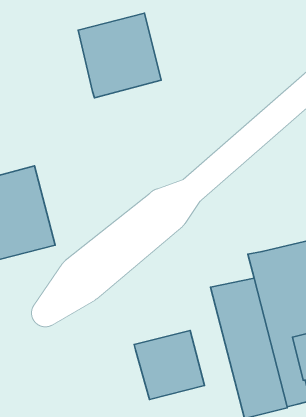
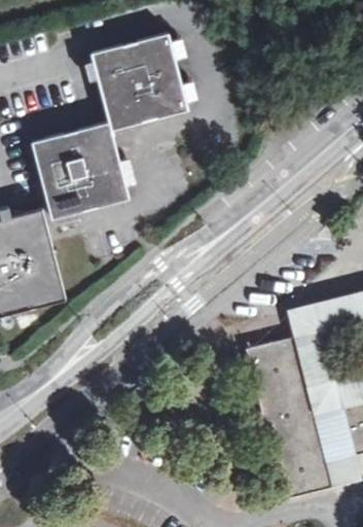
building: none -> [32,122,129,217]
building: [134,331,205,400] -> none

